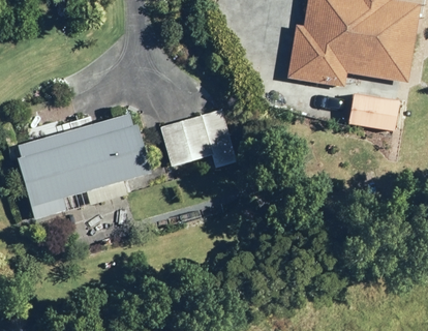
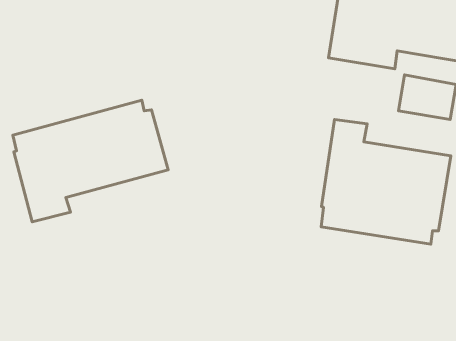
building: [162,110,236,167] -> none
building: none -> [321,120,451,244]

